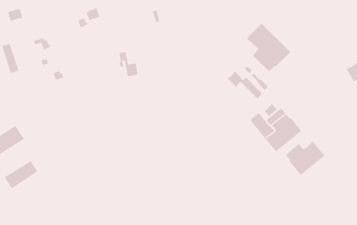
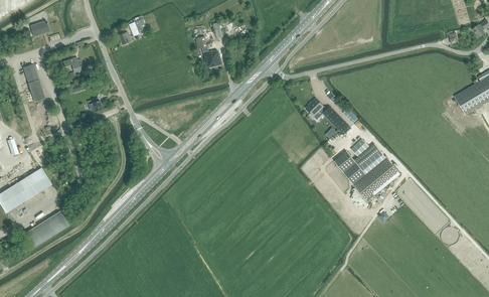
building: [246,23,291,72] -> none
building: [118,51,139,77] -> [195,35,220,67]
building: [285,141,325,176] -> none

